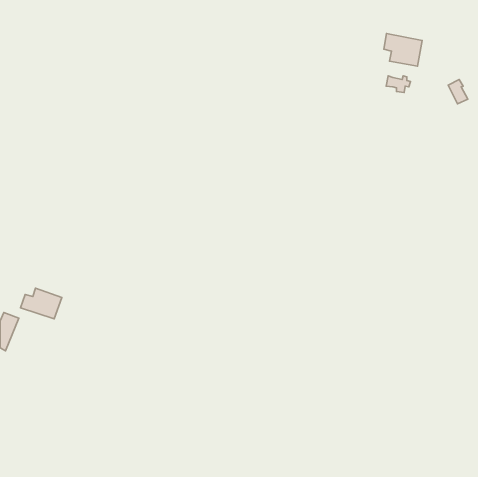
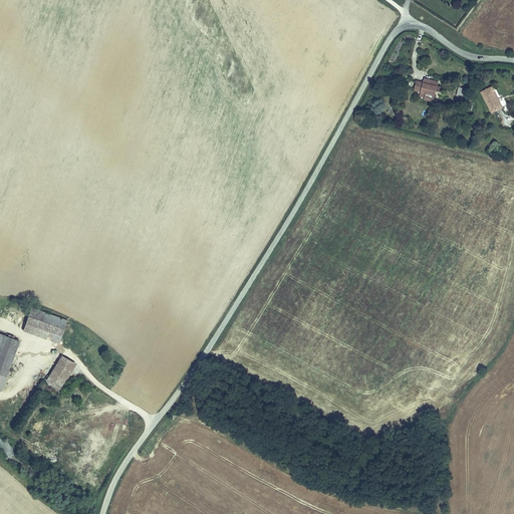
building: [384,33,422,66] -> none
building: none -> [45,354,75,389]

